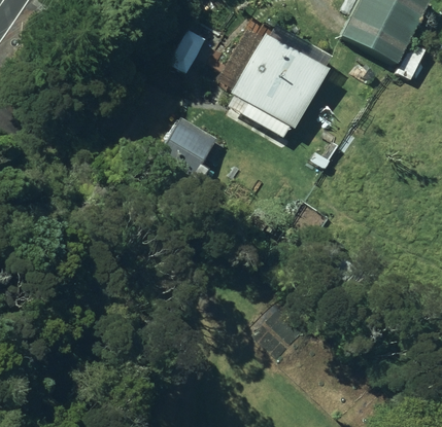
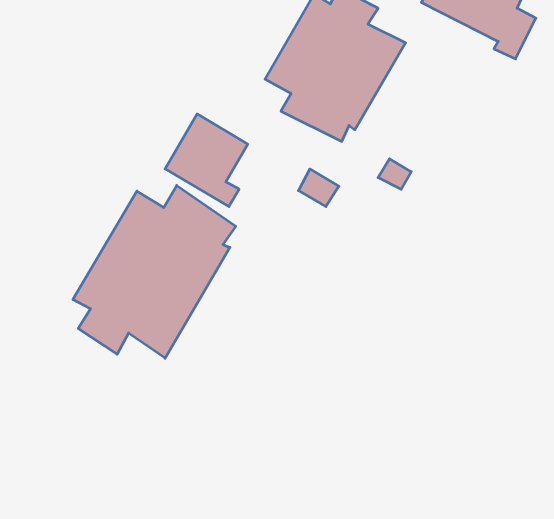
building: none -> [73,185,236,358]

